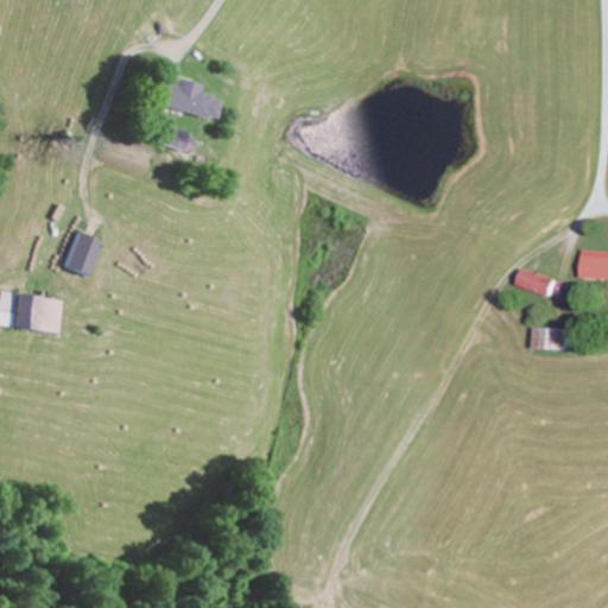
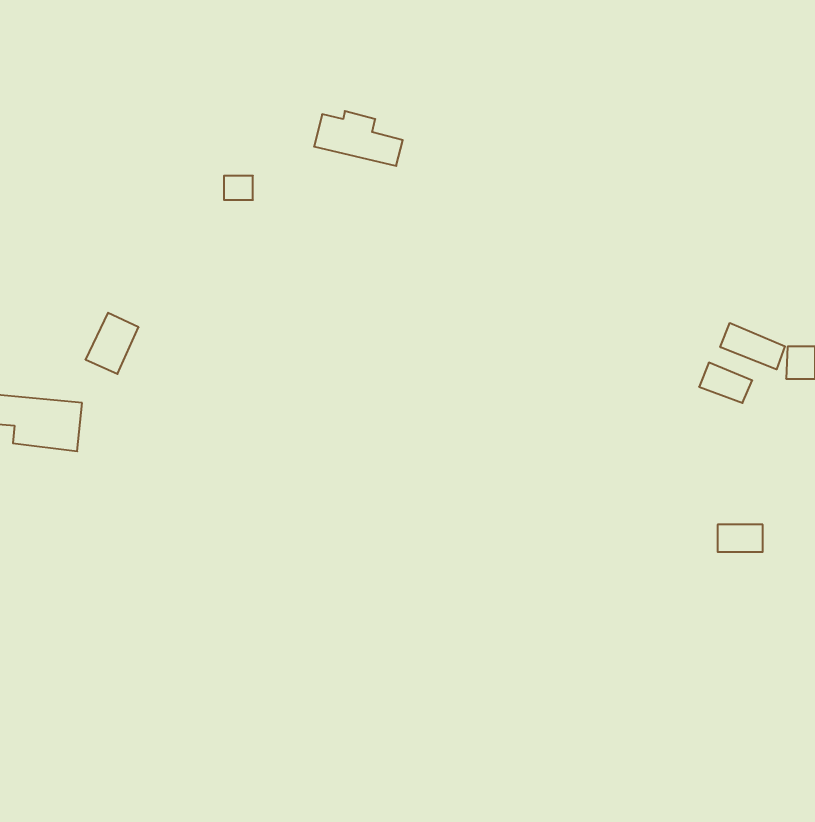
building: [156,77,221,118] -> [314,111,403,166]
building: none -> [720,323,785,369]
building: [533,328,566,348] -> [718,525,763,552]

